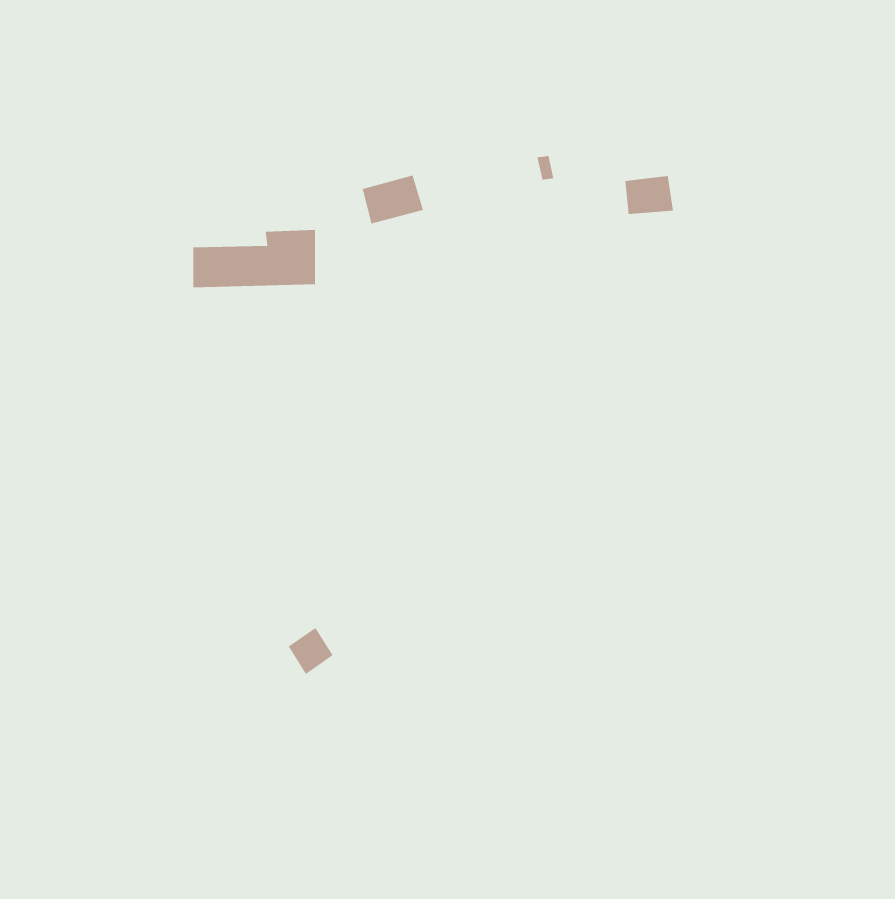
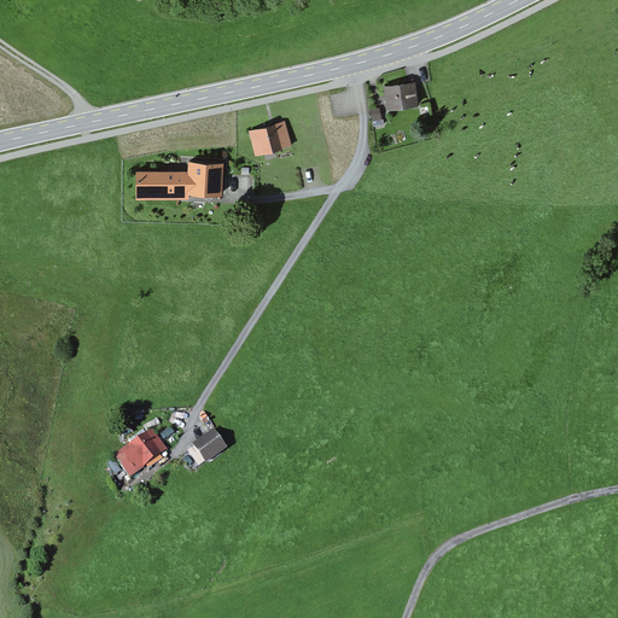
building: [624,176,674,214] -> [387,82,421,109]
building: none -> [113,428,168,479]

